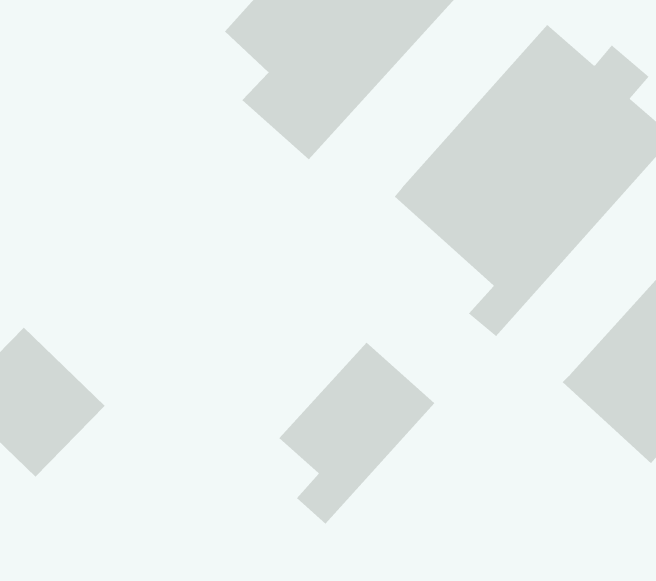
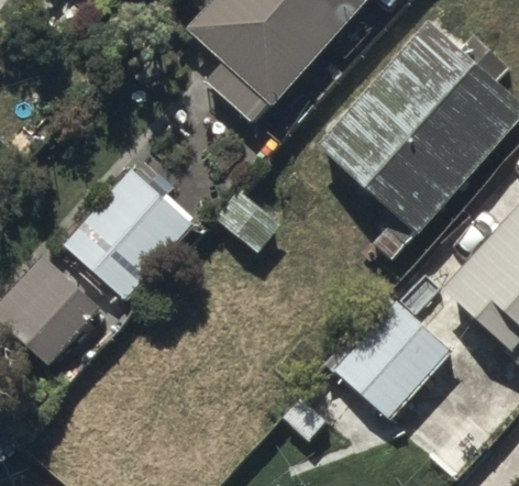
building: none -> [65,161,201,298]
building: [279,342,435,525] -> [338,292,455,430]

